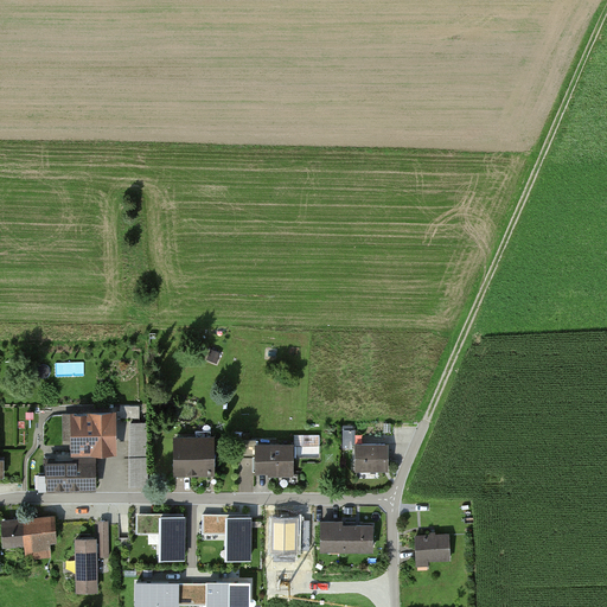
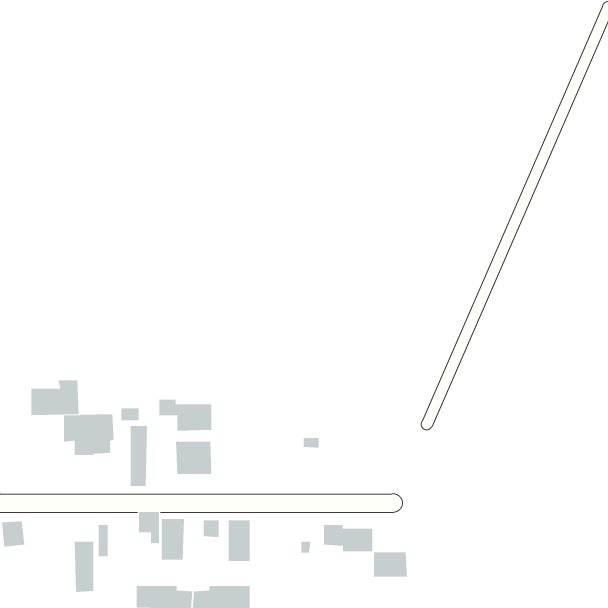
building: [238,441,292,473] -> [159,399,212,431]
building: [354,446,385,471] -> none
building: [46,454,95,490] -> [31,380,79,416]
building: [23,517,56,560] -> none
building: [273,518,295,551] -> none
building: [415,535,449,560] -> [373,552,408,577]

